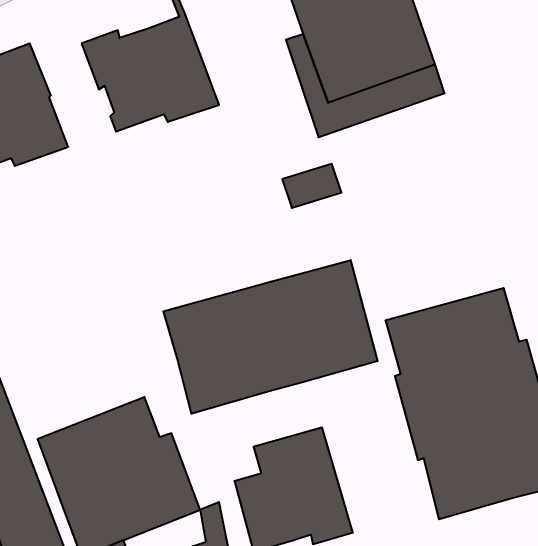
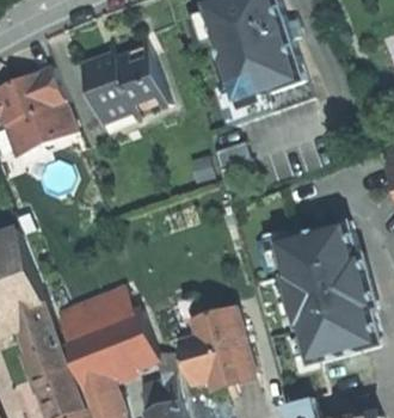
building: [163,260,377,414] -> none

